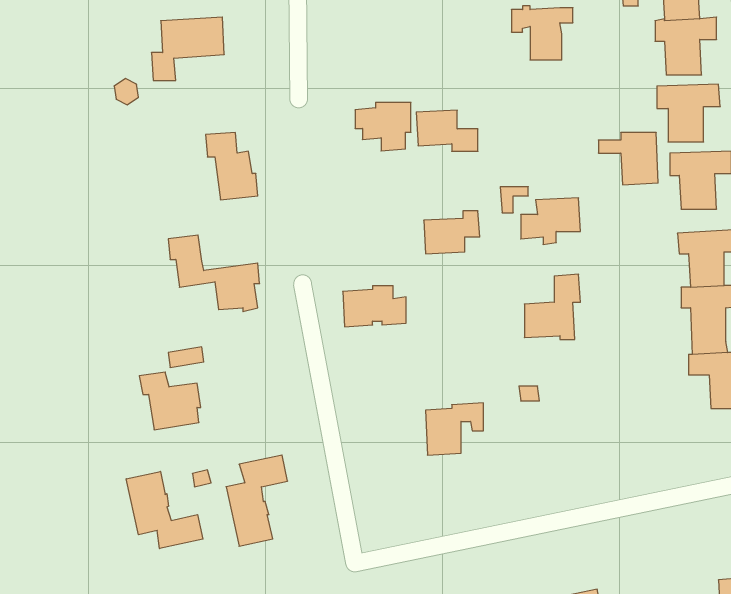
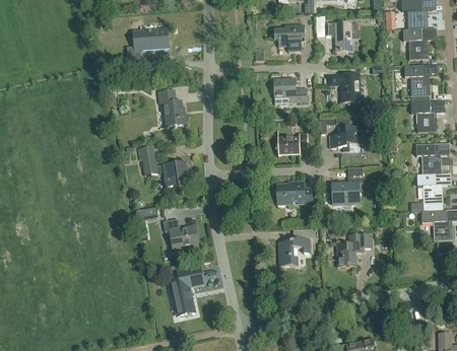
building: [355,102,411,151] -> [274,24,305,51]
building: [598,133,658,185] -> [328,74,361,102]
building: [343,286,406,327] -> [276,182,311,204]
building: [139,372,201,430] -> [164,219,197,251]
building: none -> [336,234,372,267]
building: [126,471,203,549] -> none

